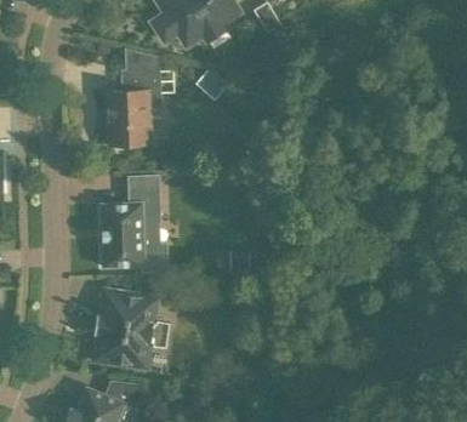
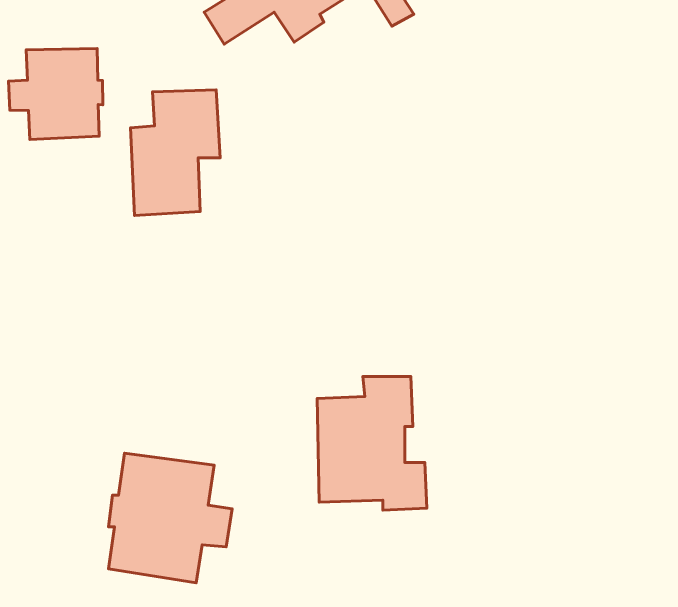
building: none -> [9,48,103,139]
building: [99,190,166,272] -> [317,377,427,510]

